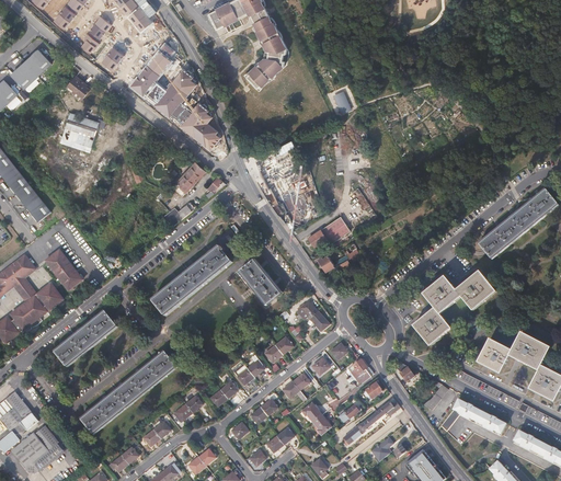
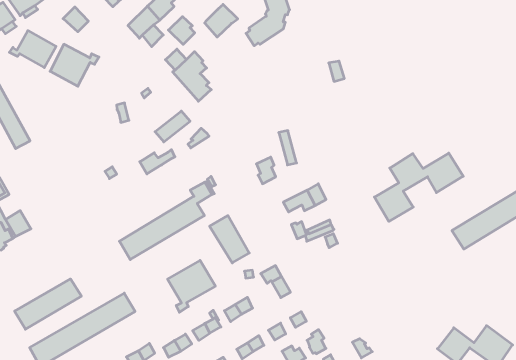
building: [154,84,186,117] -> [205,4,238,37]
building: none -> [9,31,56,68]
building: [46,250,81,288] -> none
building: [416,268,501,344] -> [374,153,463,221]
building: none -> [168,260,215,312]
building: [53,310,116,366] -> [15,279,81,329]

